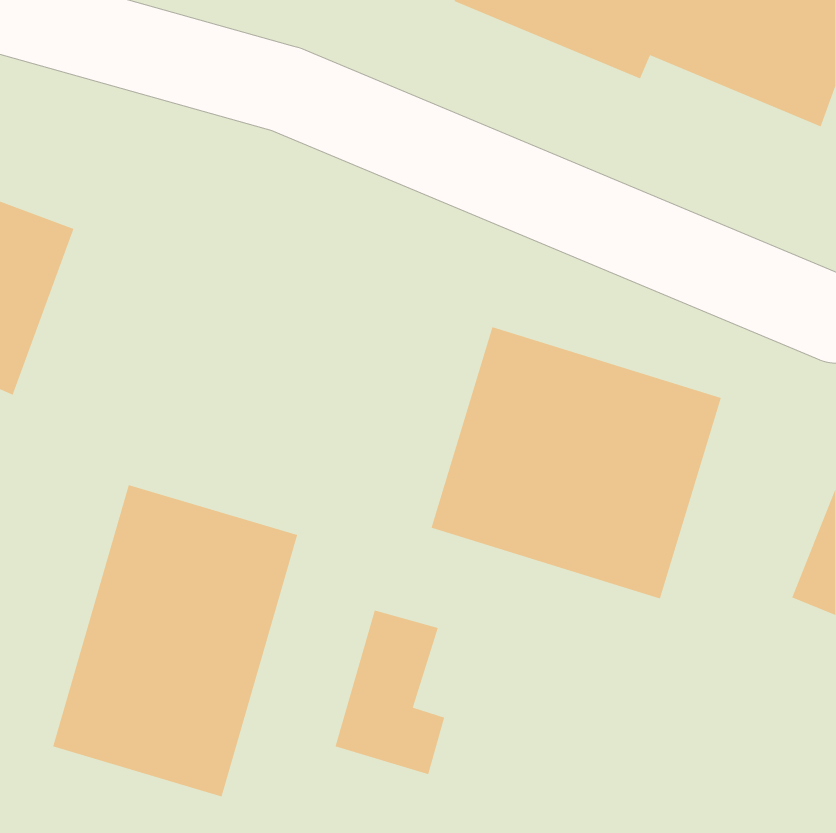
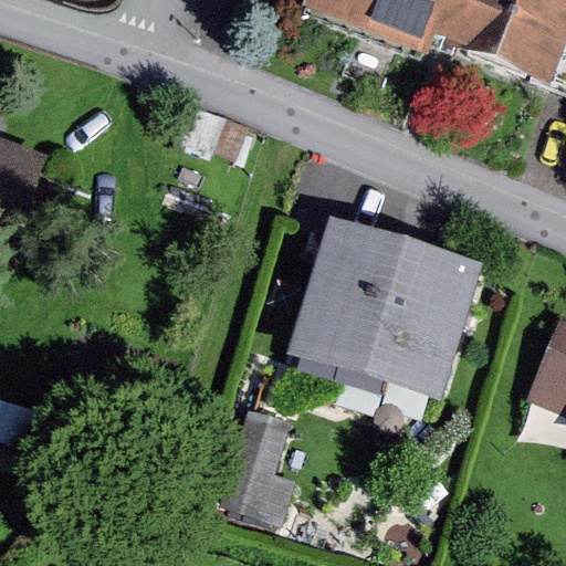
building: [52,484,298,797] -> none

